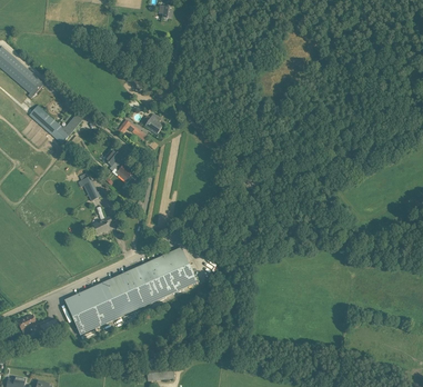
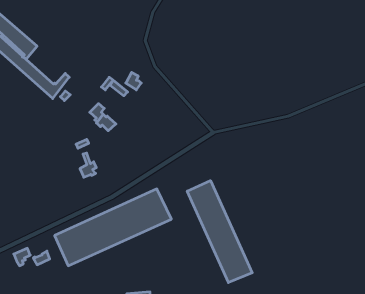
building: none -> [187,181,252,283]

